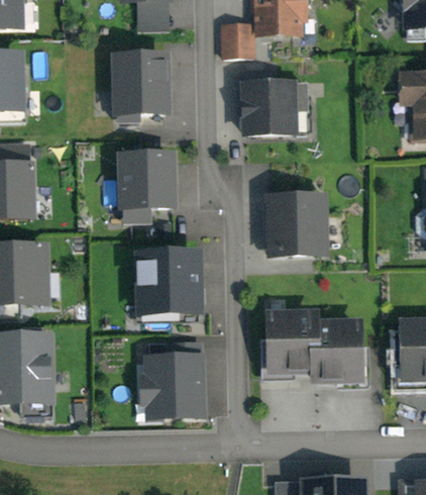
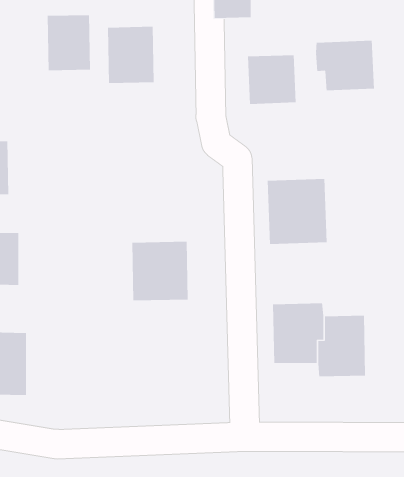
building: none -> [47,14,91,71]
building: none -> [316,40,374,91]
building: [127,158,171,206] -> none
building: [151,357,202,414] -> none

